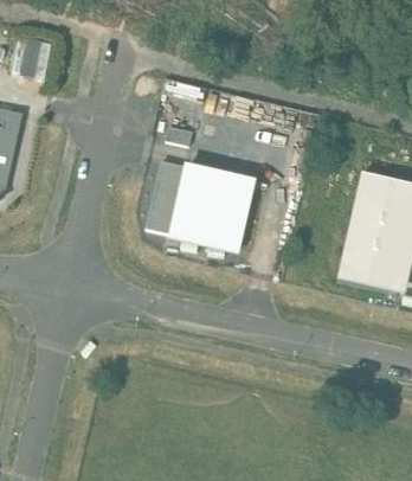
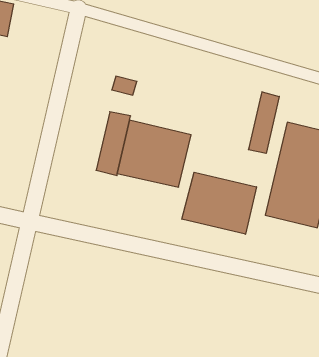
building: none -> [248,92,279,153]
building: none -> [182,172,256,234]

